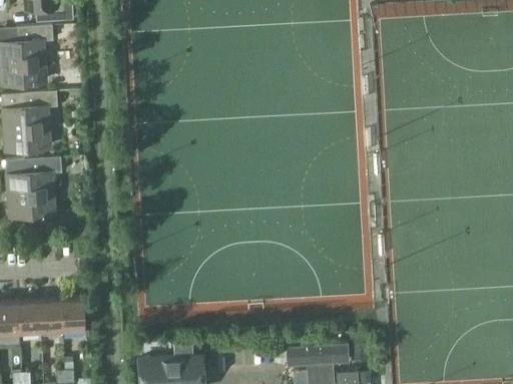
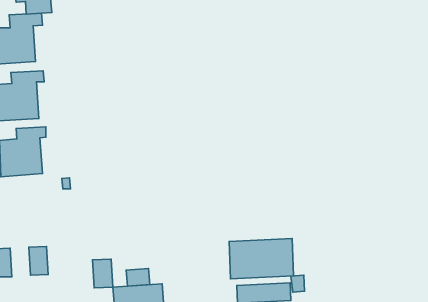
building: none -> [229,239,294,279]
building: [61,300,85,334] -> [92,259,113,288]
building: [18,302,42,337] -> none
building: none -> [126,269,150,286]

